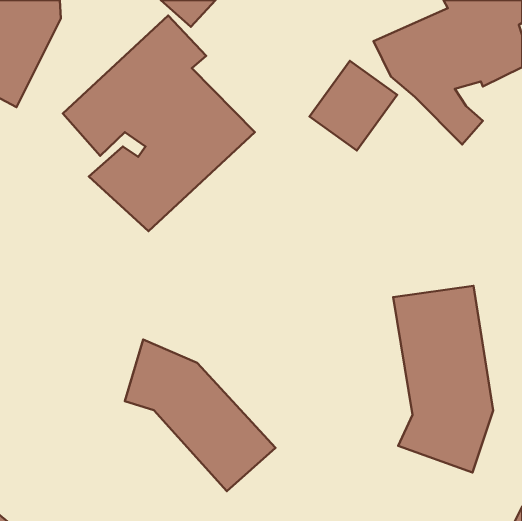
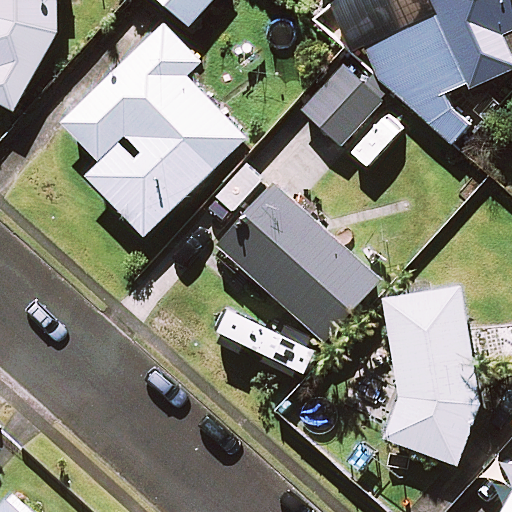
building: none -> [216,182,380,341]
building: [125,339,275,491] -> none

